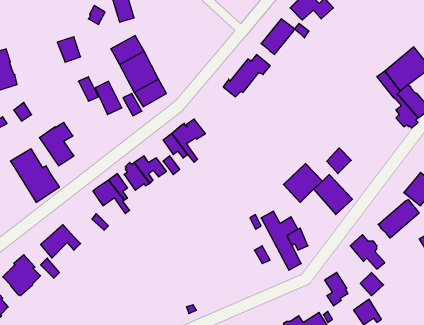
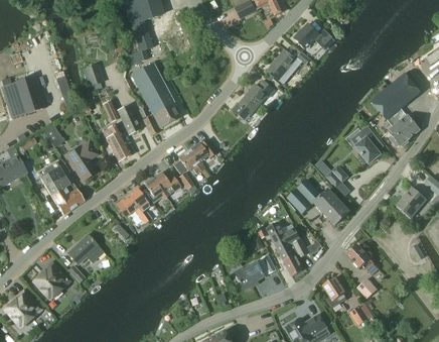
building: none -> [106,124,132,160]
building: none -> [355,125,384,163]
building: [378,200,419,238] -> none
building: none -> [238,260,266,290]

